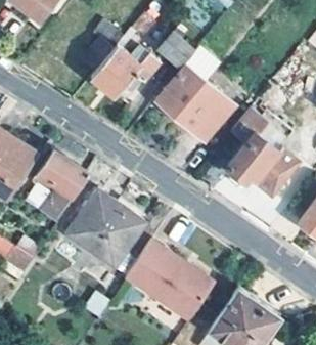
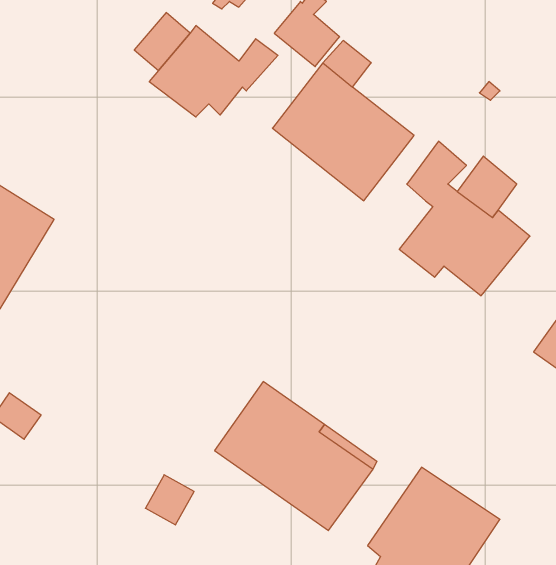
building: [31,150,87,223] -> none
building: [67,191,143,267] -> none

